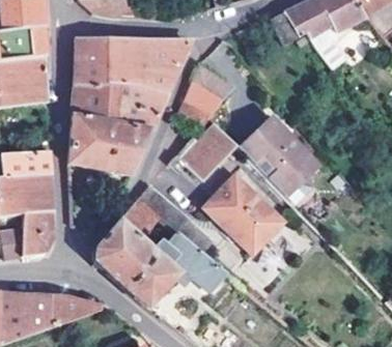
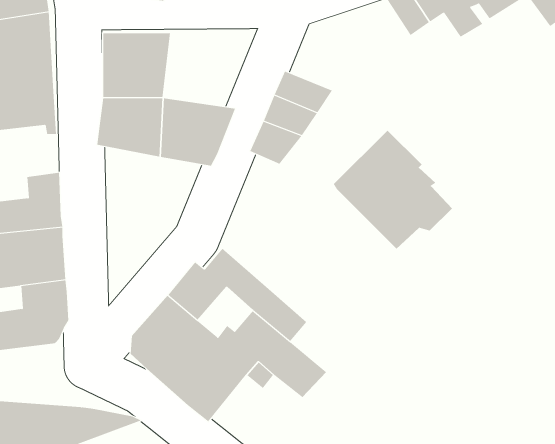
building: [118,40,192,92] -> none
building: [68,117,151,176] -> none
building: [176,123,236,180] -> none
building: [206,177,283,251] -> none

